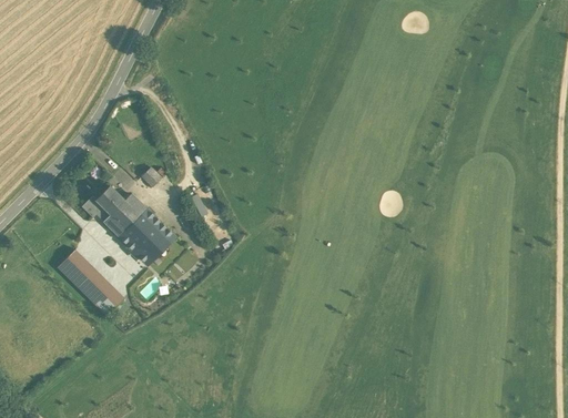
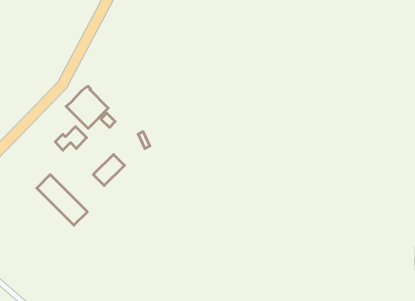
building: [103,193,159,248] -> [66,86,108,128]

